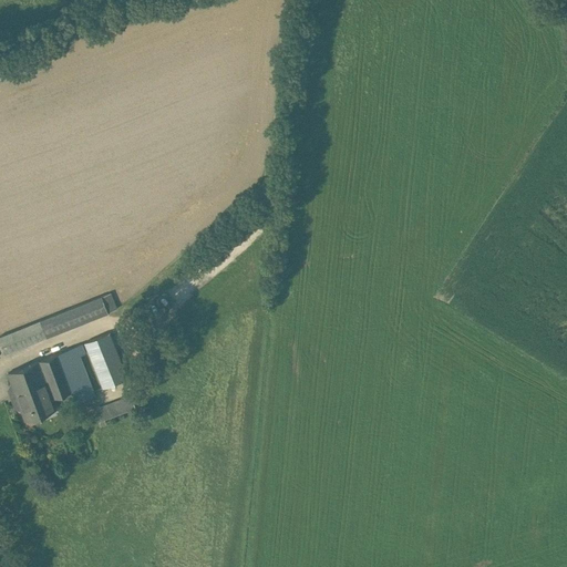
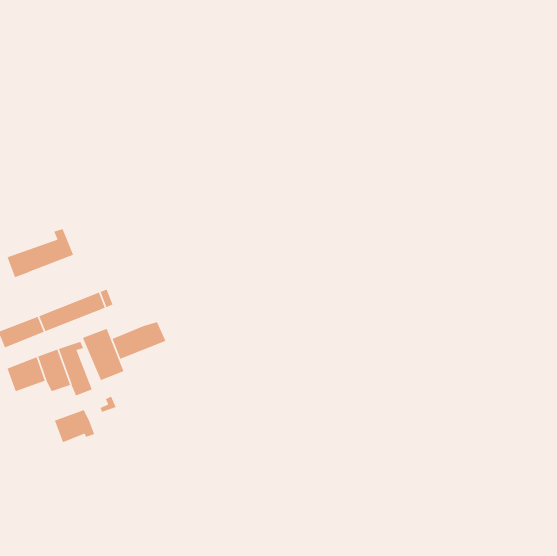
building: none -> [6,228,74,278]
building: none -> [111,321,166,360]
building: [16,389,58,423] -> [54,409,95,443]

